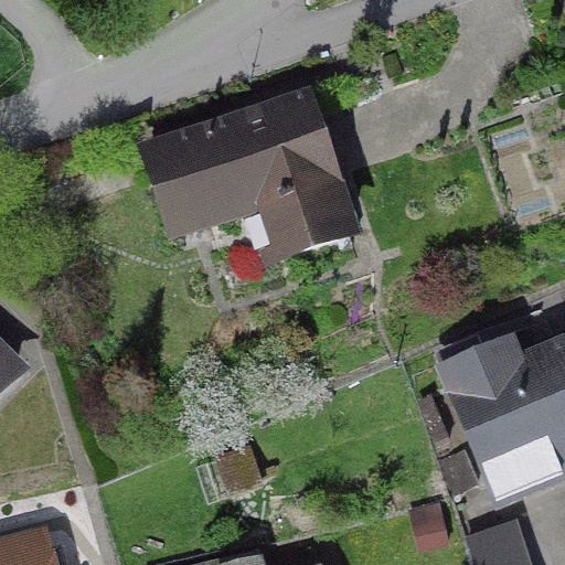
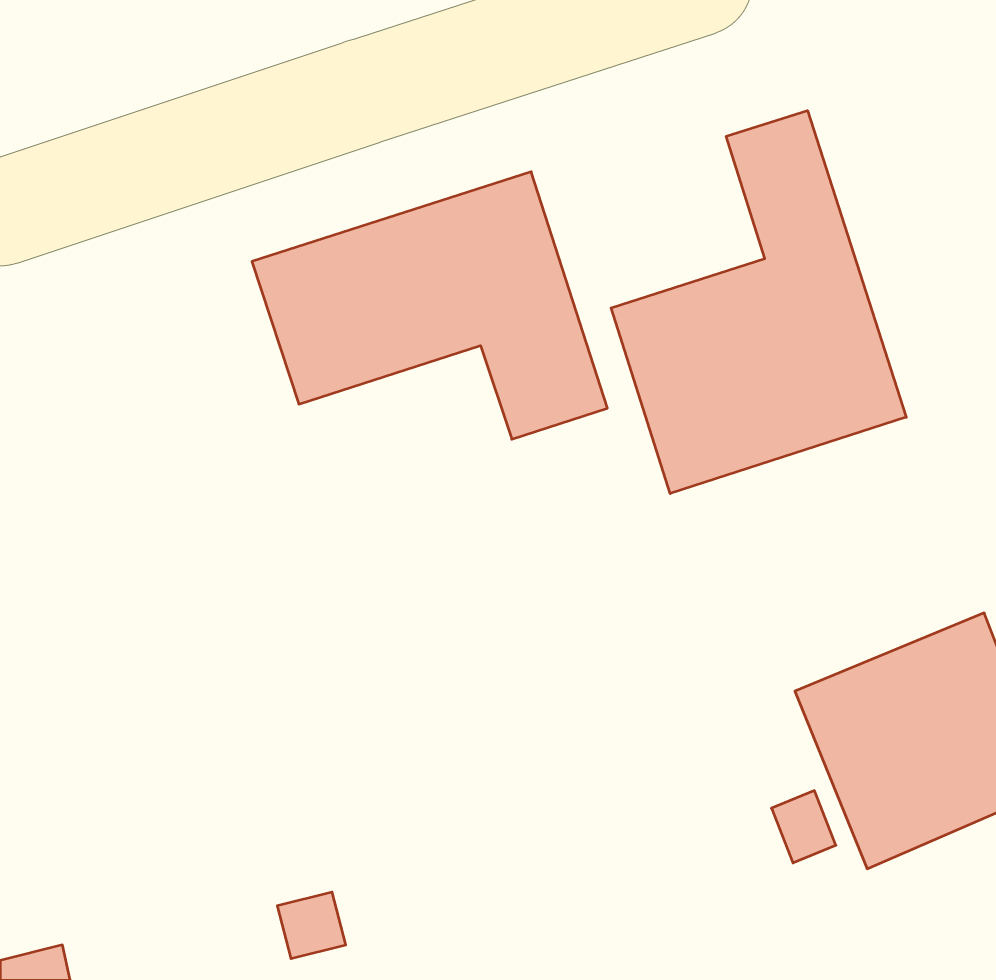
building: none -> [611,111,906,494]

